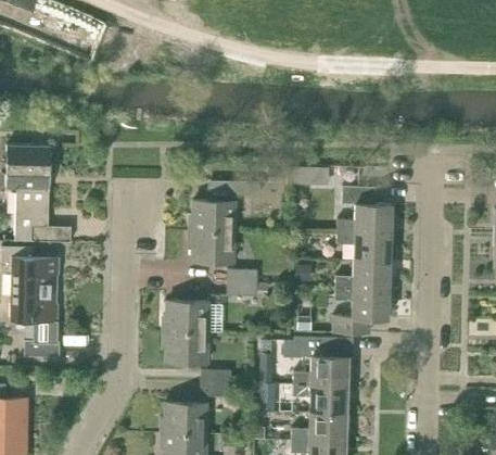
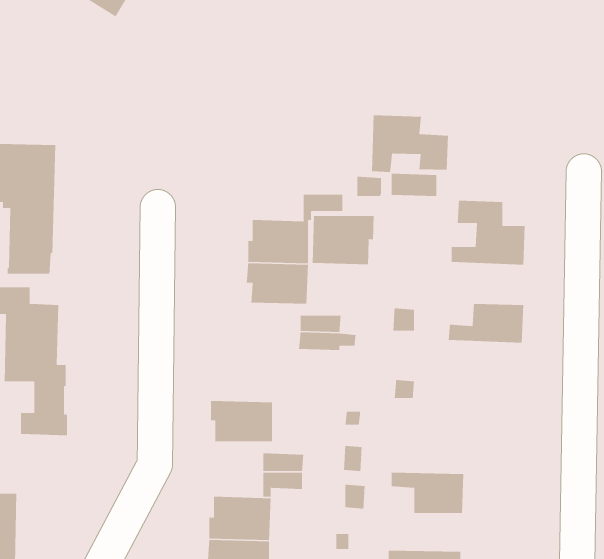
building: none -> [371,114,449,173]
building: none -> [312,215,374,265]
building: [336,232,391,263] -> none
building: [333,289,390,334] -> none
building: [163,302,222,333] -> none
building: [294,338,348,386] -> none
building: [292,415,346,442] -> none

